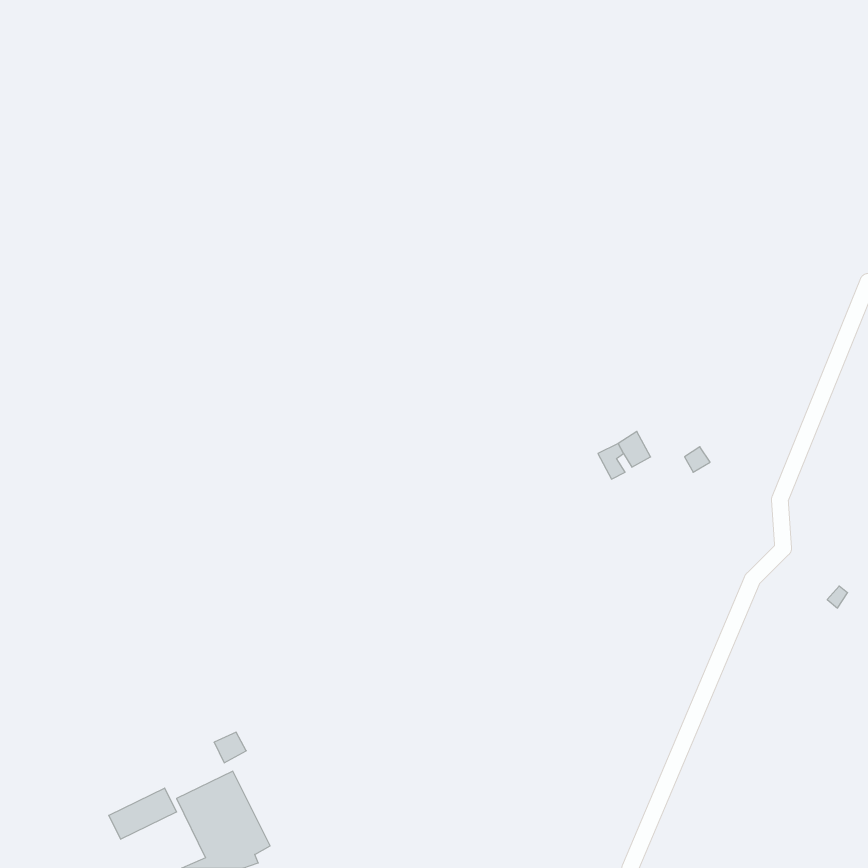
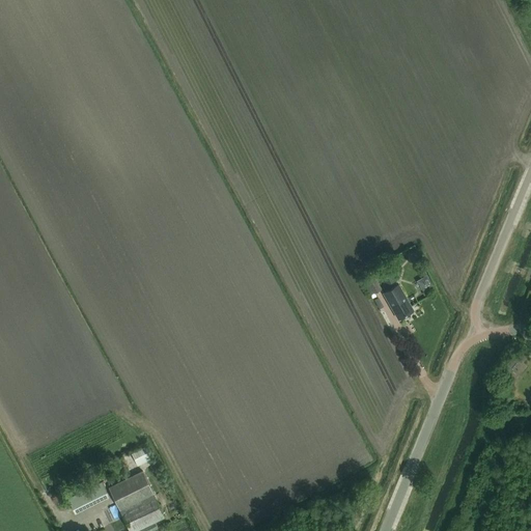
building: none -> [383,285,414,319]

